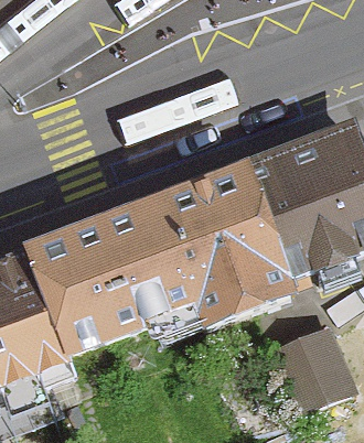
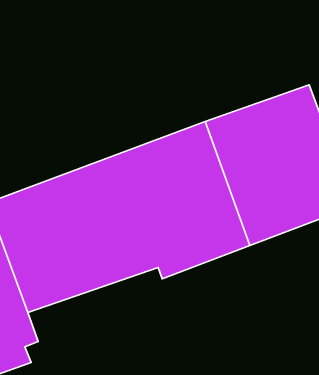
building: [268,315,352,406] -> none

